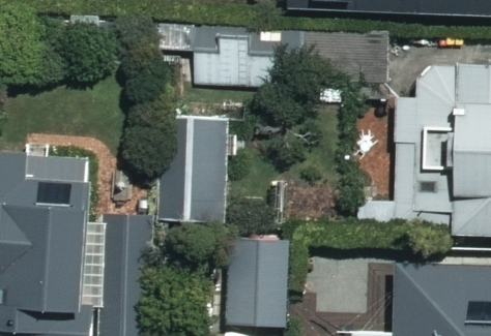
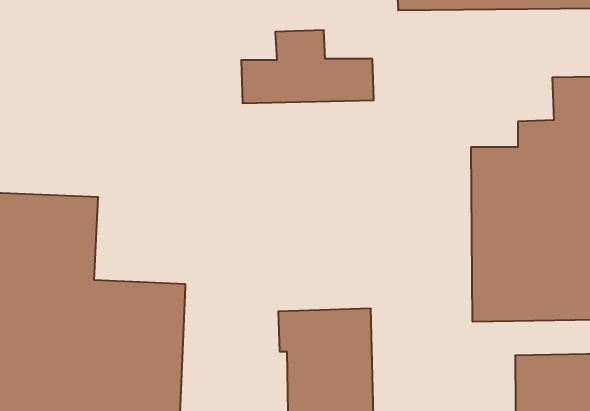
building: [154,108,230,218] -> none

